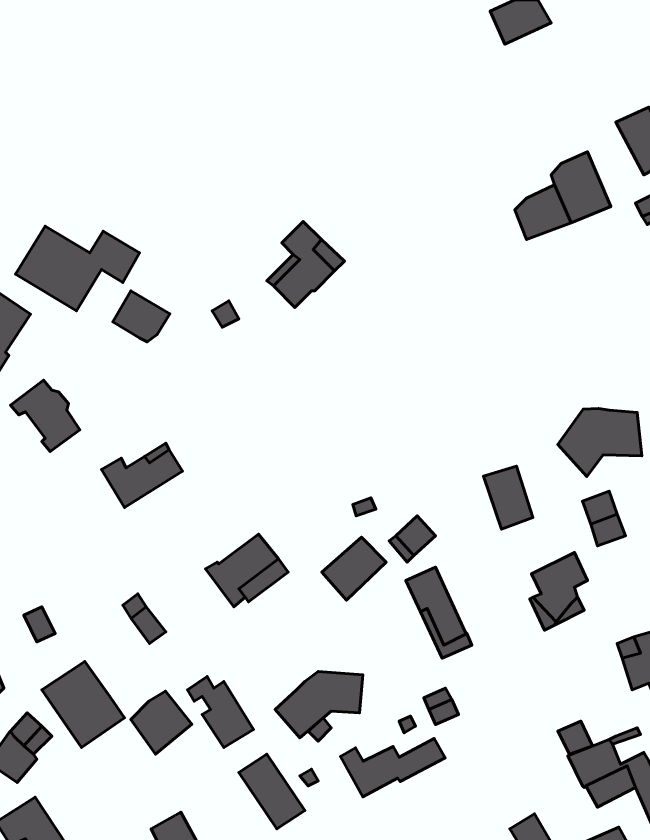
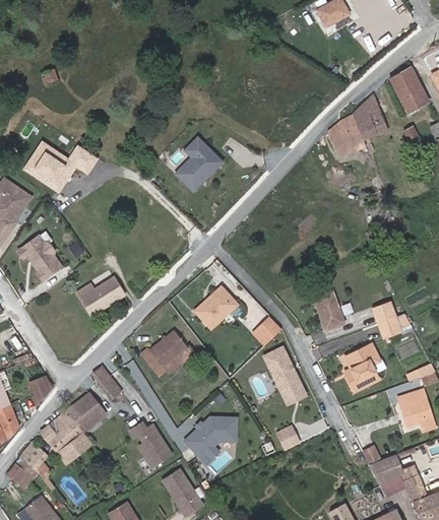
building: [113,291,170,342] -> none
building: [558,408,642,477] -> none
building: [322,537,386,600] -> [197,289,237,328]
building: [131,691,192,754] -> [67,392,105,431]
building: [340,738,445,797] -> none

